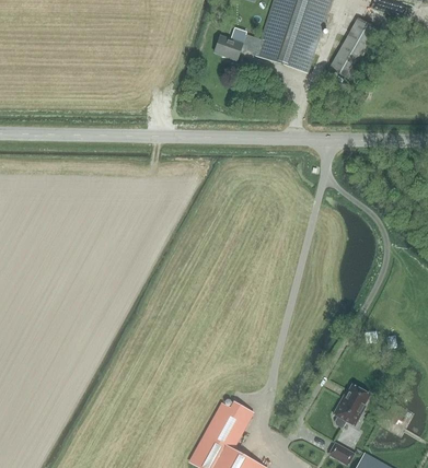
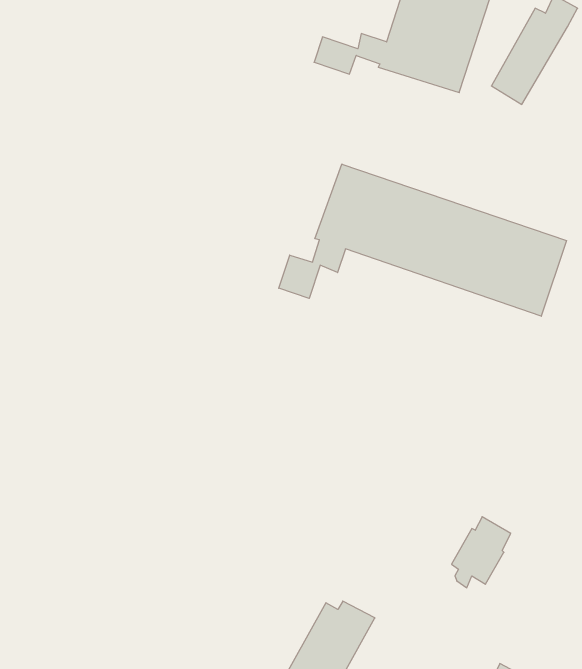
building: none -> [279,164,566,316]
building: [333,383,371,429] -> [452,517,511,588]

